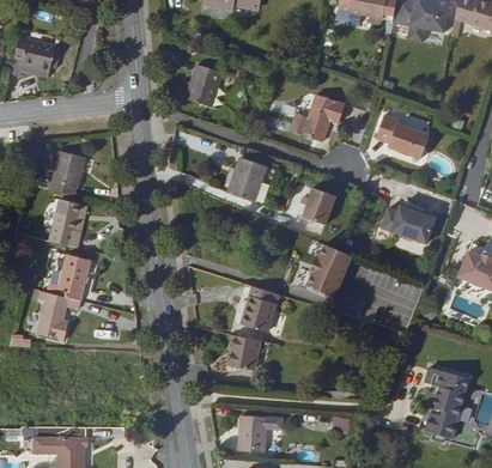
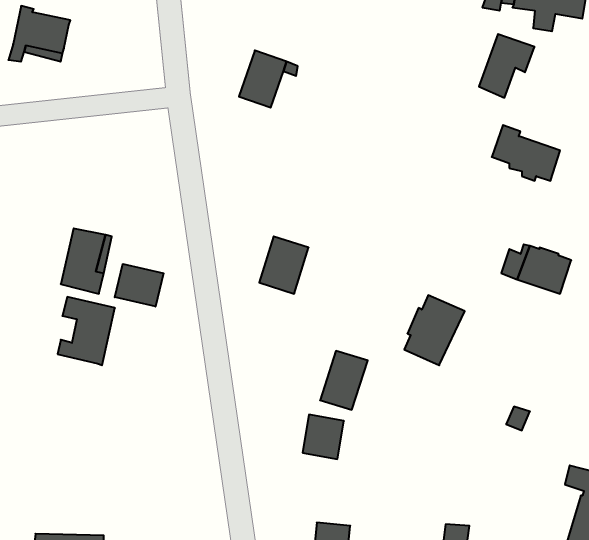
building: [302,96,344,144] -> [479,34,535,98]
building: [53,146,85,189] -> none
building: [226,154,263,197] -> [259,236,309,294]
building: [304,188,336,224] -> none
building: none -> [115,264,164,307]
building: [37,288,78,335] -> none

